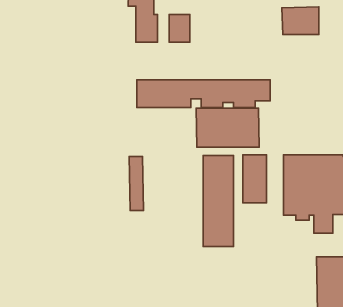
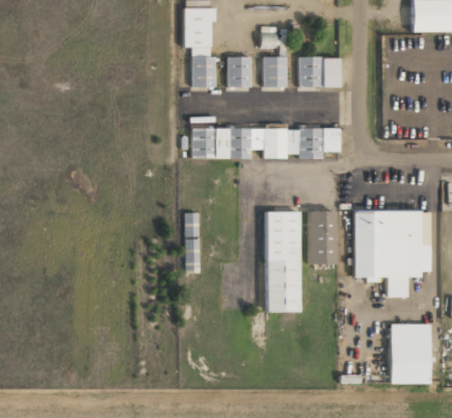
building: [282,7,319,34] -> [299,56,340,86]
building: none -> [264,56,288,86]
building: [196,108,259,147] -> none

